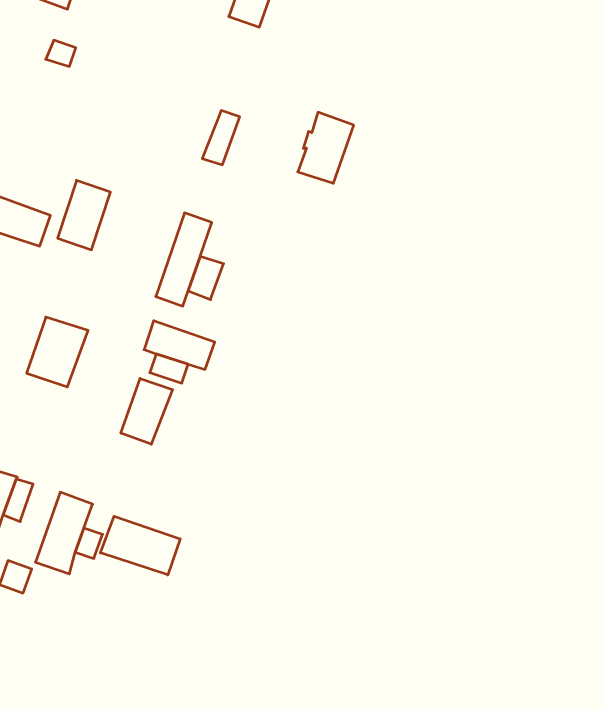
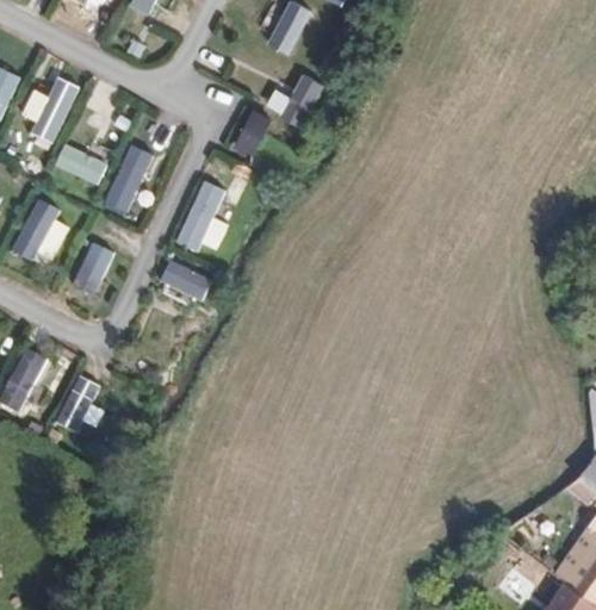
building: [298,112,354,183] -> [279,73,327,127]
building: [121,378,173,444] -> none
building: [100,516,180,575] -> none

